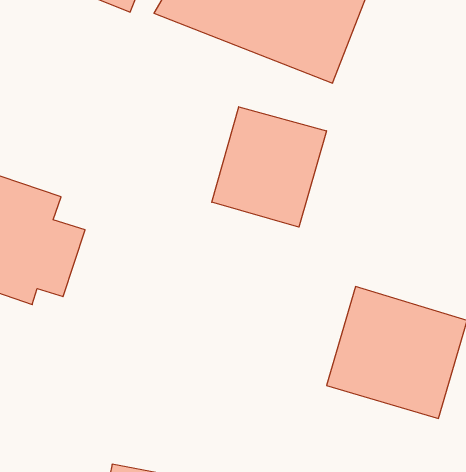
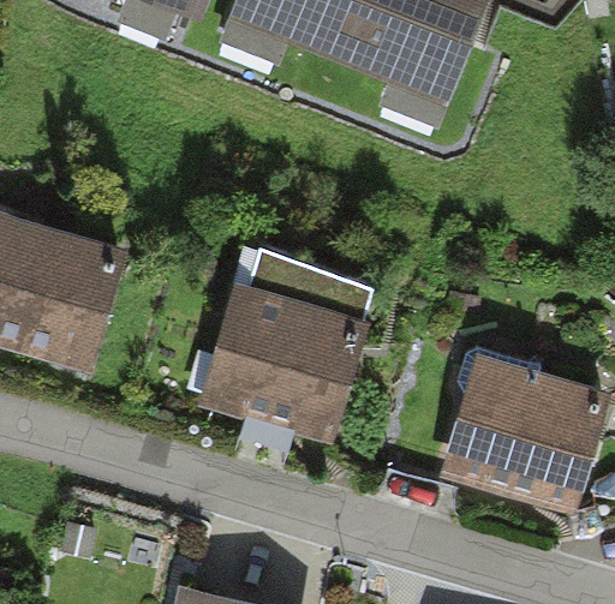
building: [212,107,326,227] -> none
building: none -> [201,250,374,439]

